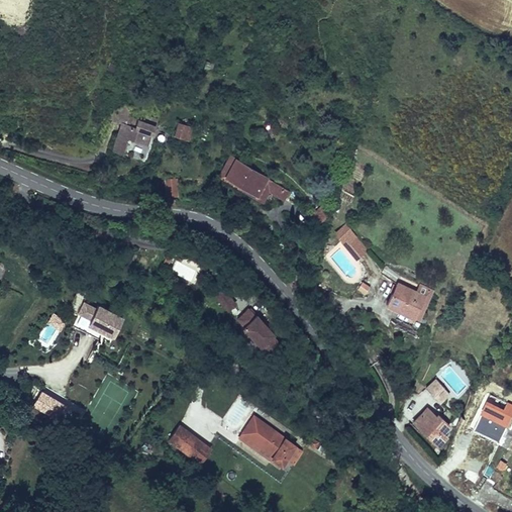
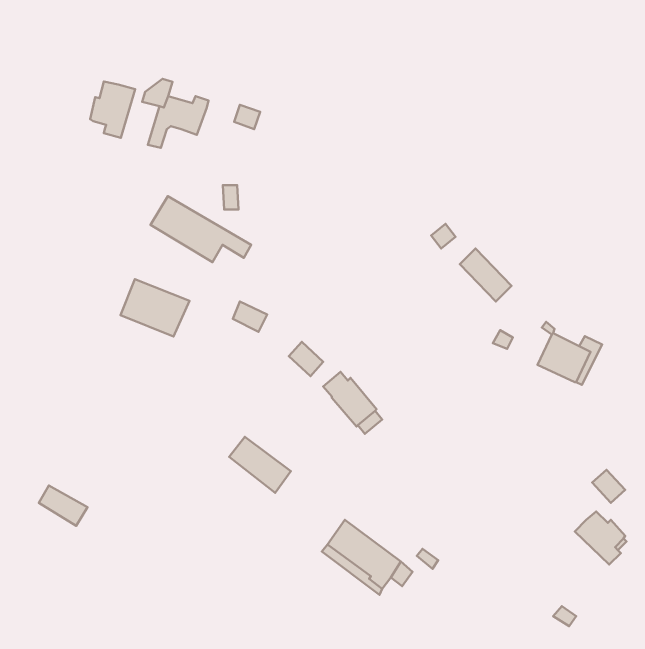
building: none -> [90,82,135,138]
building: [220,158,291,204] -> [151,196,251,262]
building: [74,302,122,342] -> [120,279,189,337]
building: [168,426,211,466] -> [229,437,291,493]

